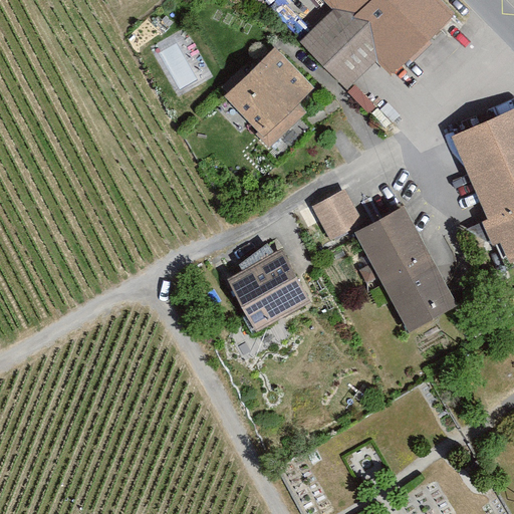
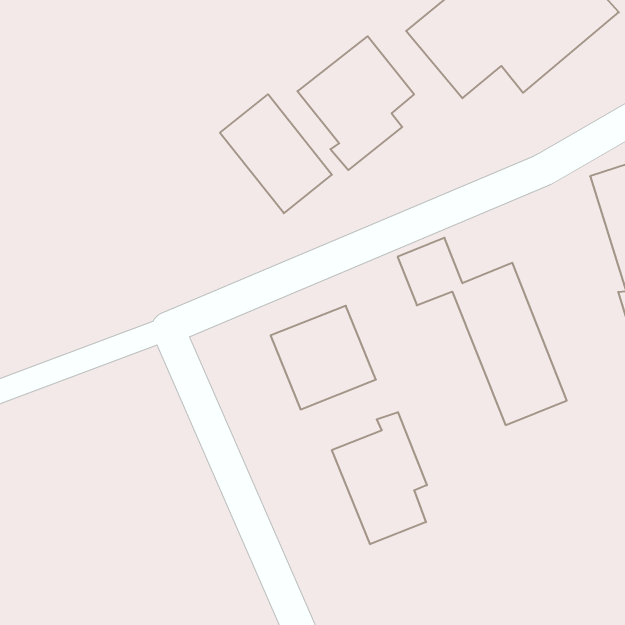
building: none -> [220,94,332,213]
building: none -> [332,412,427,544]

